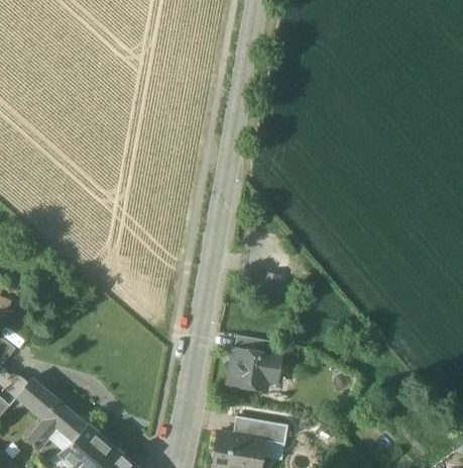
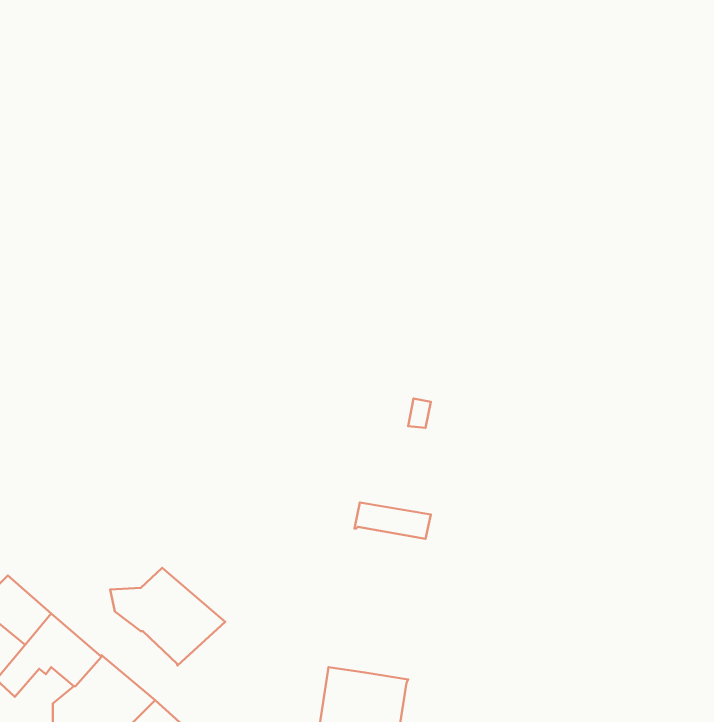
building: [230,351,279,390] -> none
building: none -> [110,568,225,666]
building: [240,418,287,446] -> none

